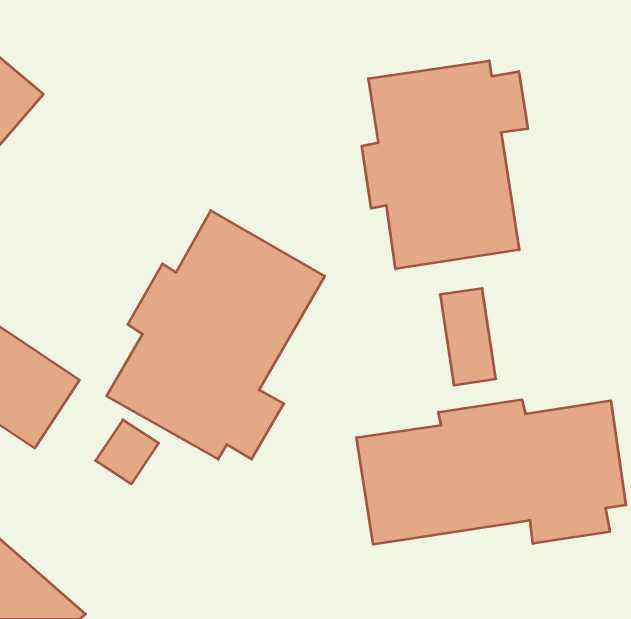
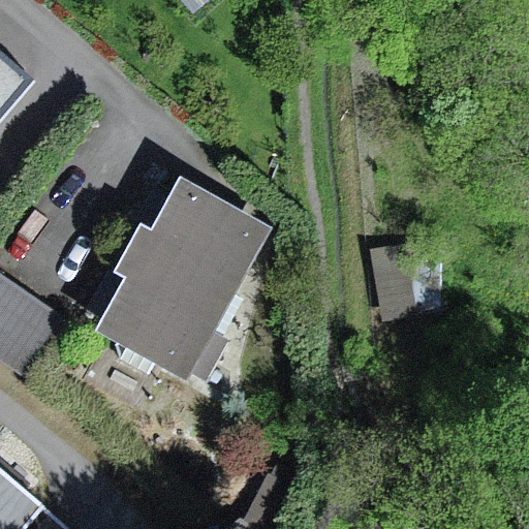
building: [362,61,528,269] -> none
building: [357,400,626,544] -> none

